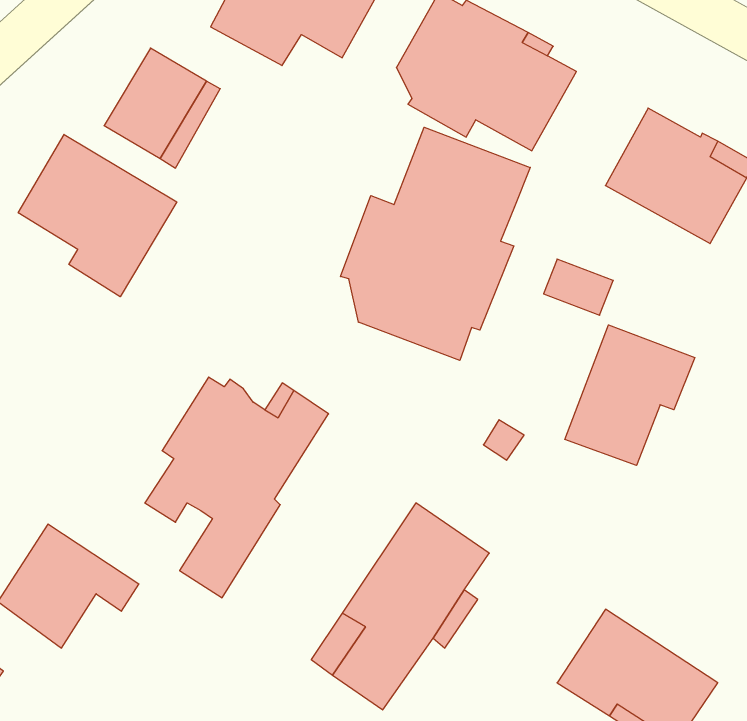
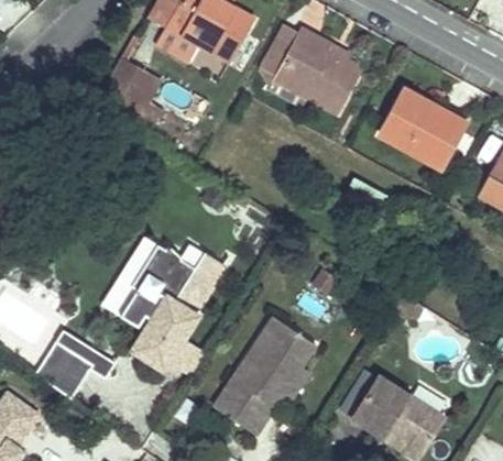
building: [341,127,530,360] -> none
building: [18,134,177,297] -> none
building: [565,325,695,465] -> none

